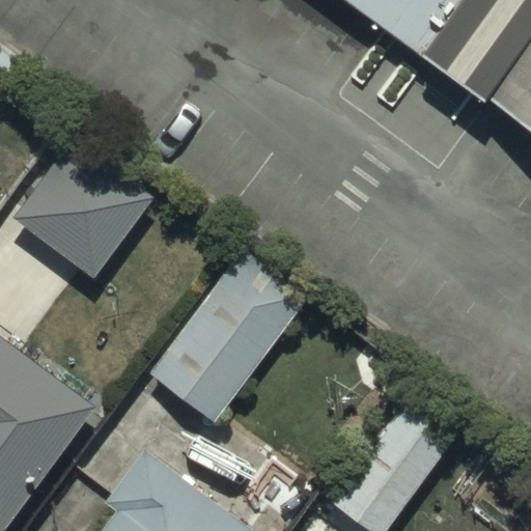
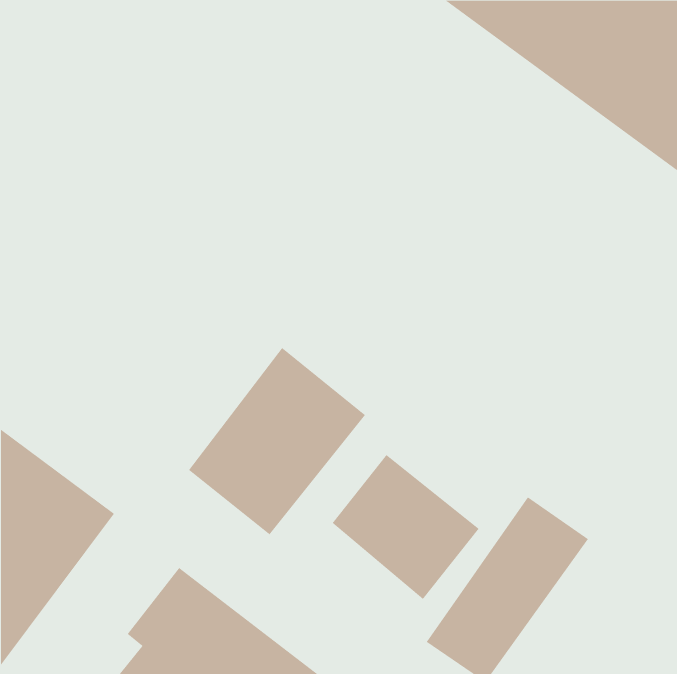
building: [16,134,153,275] -> none
building: none -> [332,454,479,600]

